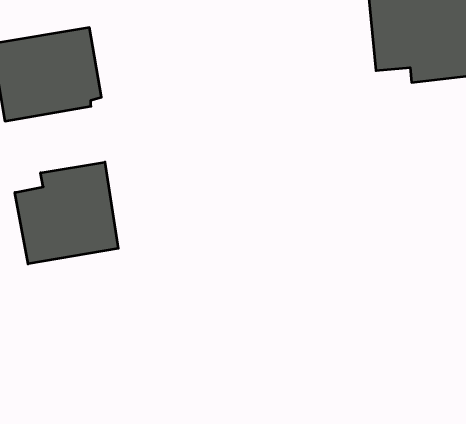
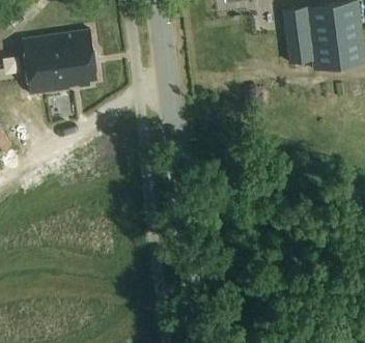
building: [15,162,118,264] -> none

